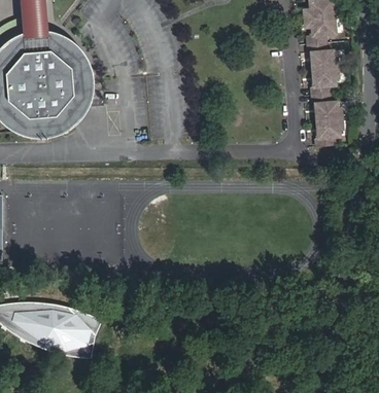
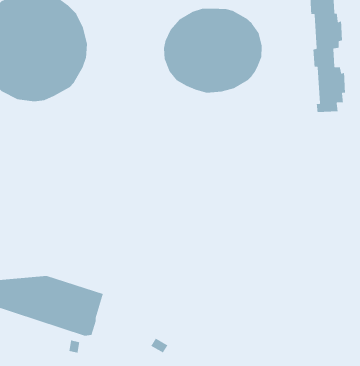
building: none -> [163,8,262,93]

